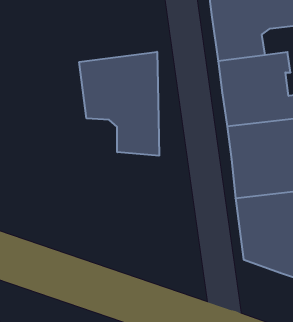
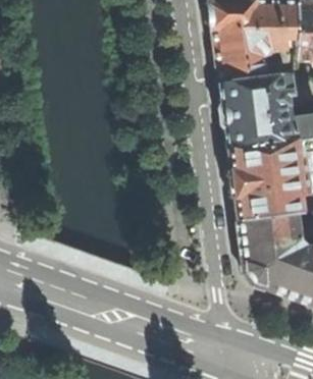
building: [79,52,159,156] -> none

